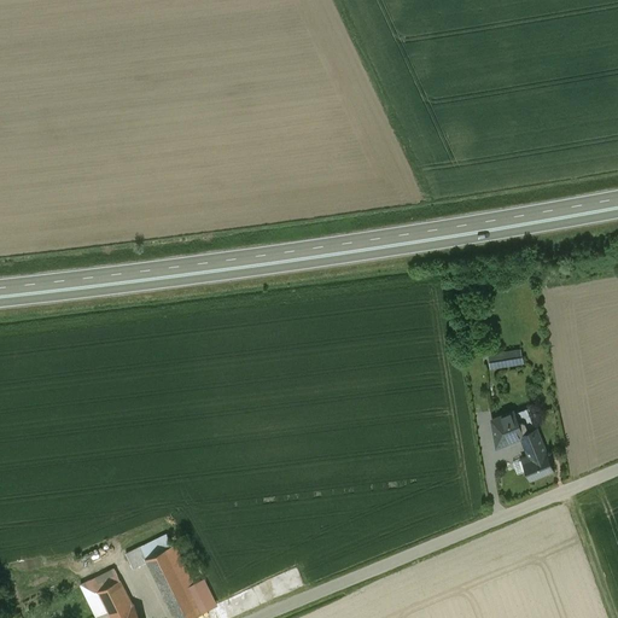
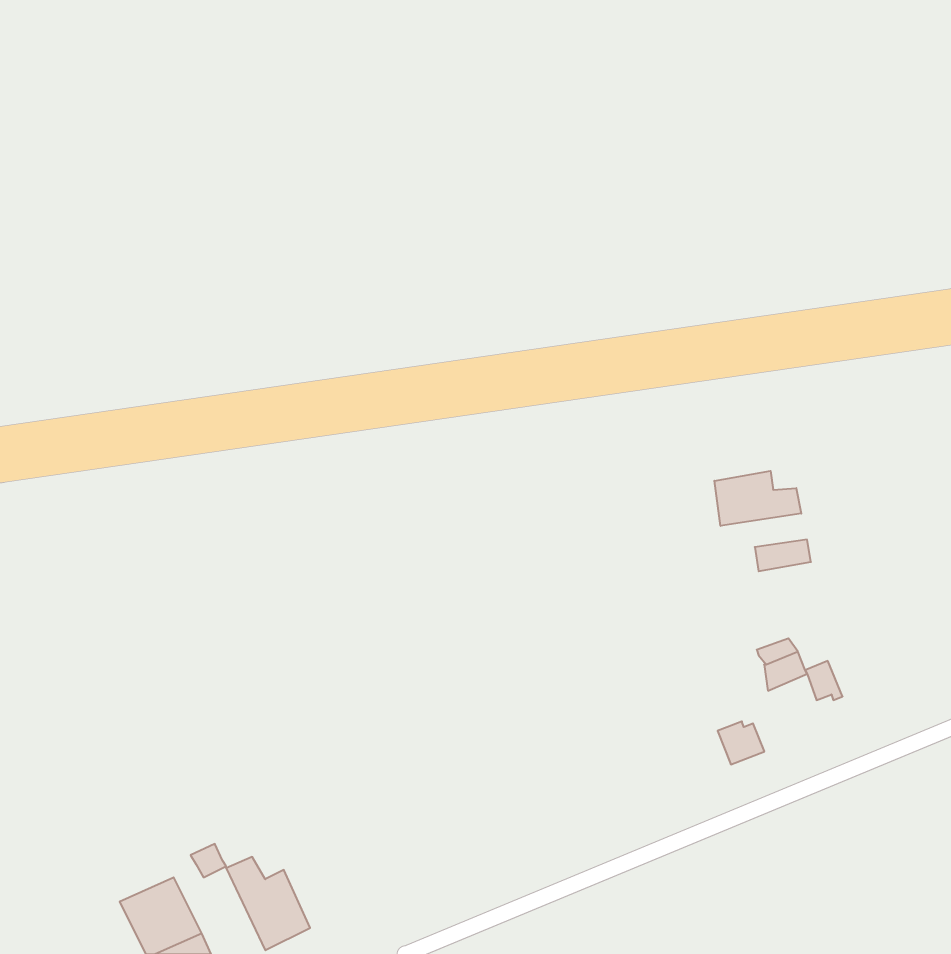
building: none -> [714,471,801,526]
building: [524,449,554,477] -> [718,721,764,764]

